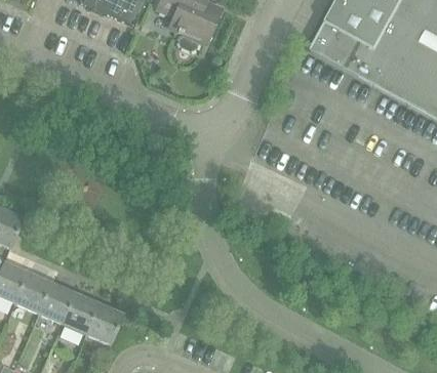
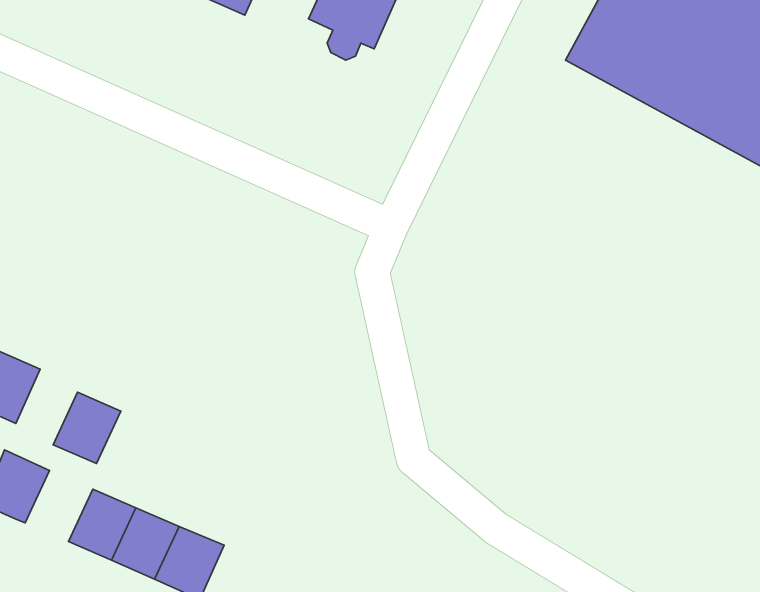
building: [14,273,51,312] -> [53,392,121,463]

